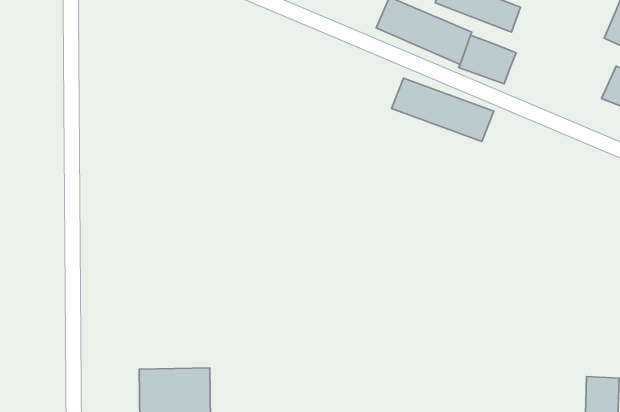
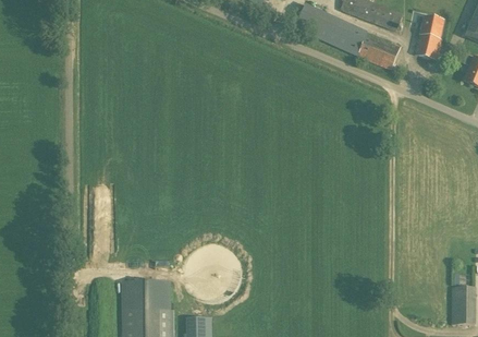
building: none -> [415,14,444,58]
building: [391,78,494,141] -> none

